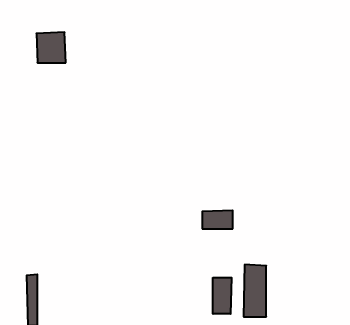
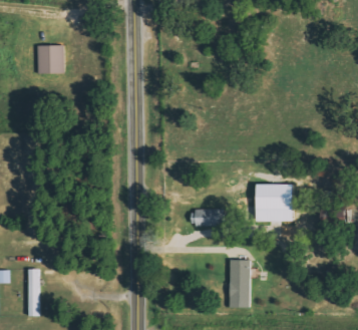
building: none -> [256,184,293,222]
building: [213,278,232,314] -> none

